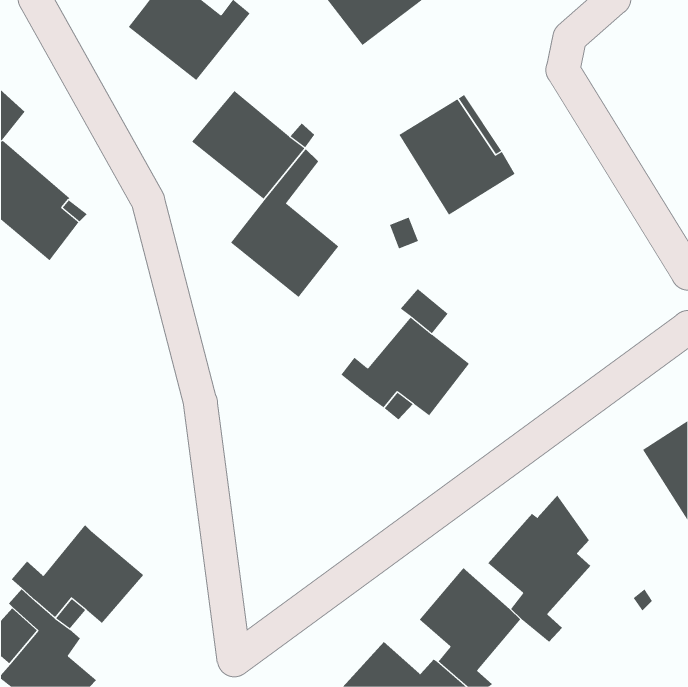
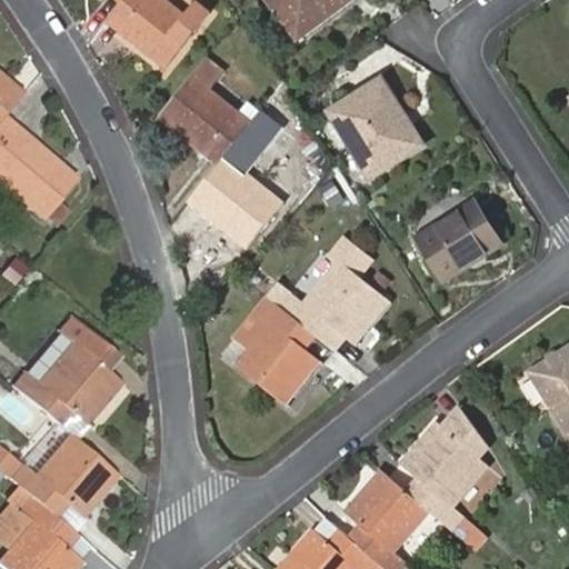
building: none -> [417,199,502,281]
building: none -> [234,298,319,402]
building: none -> [13,317,120,438]

